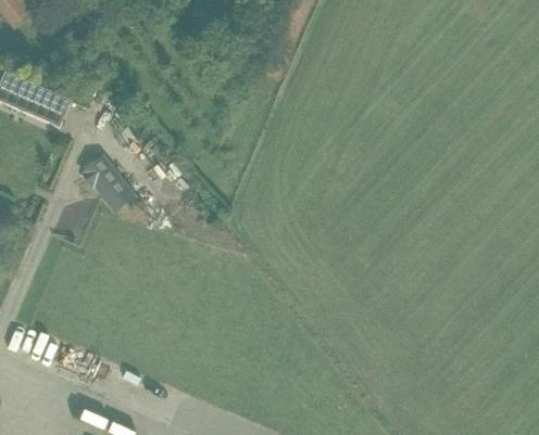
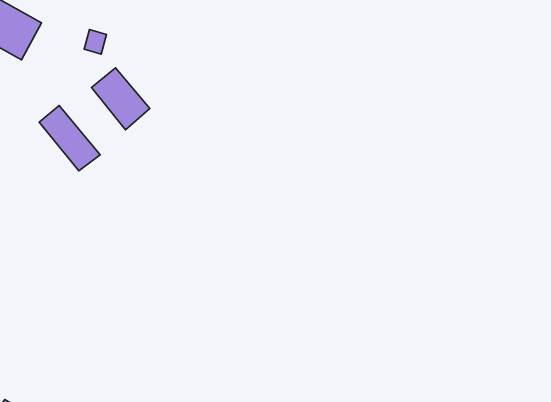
building: none -> [92,68,150,130]

